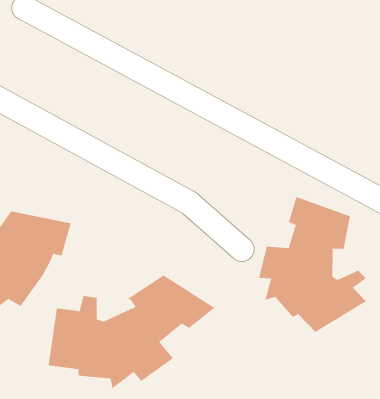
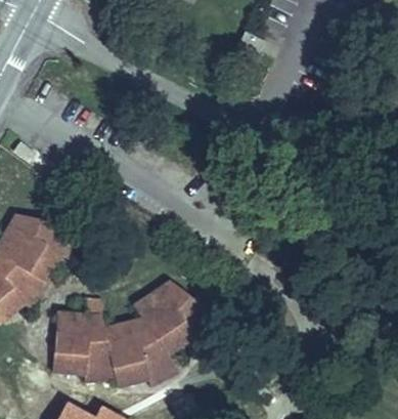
building: [259,196,367,333] -> none

